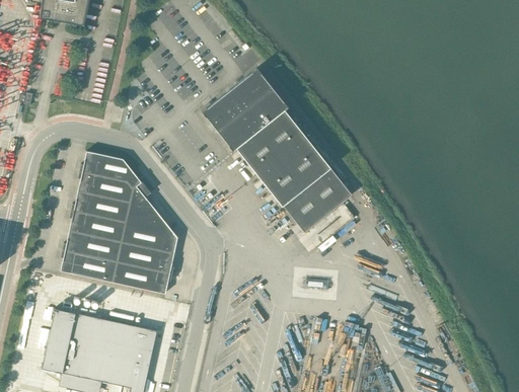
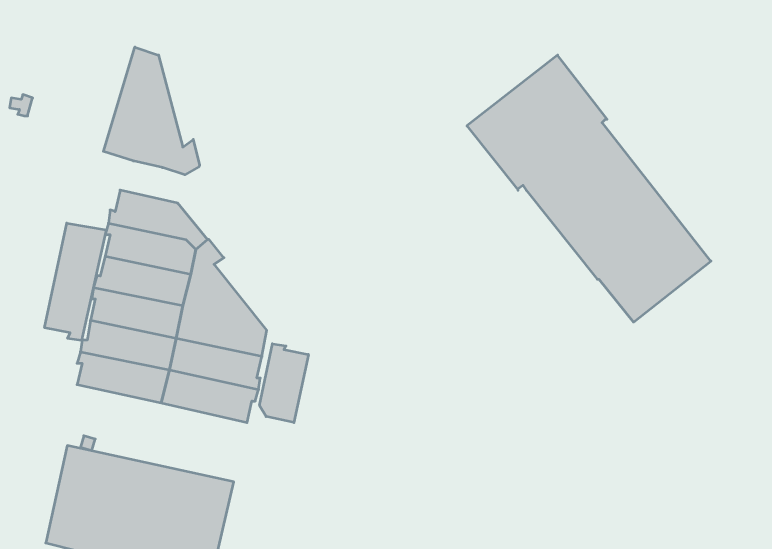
building: none -> [103,47,200,175]
building: [202,69,352,233] -> [467,55,711,322]
building: none -> [45,223,106,340]
building: none -> [260,344,308,423]

